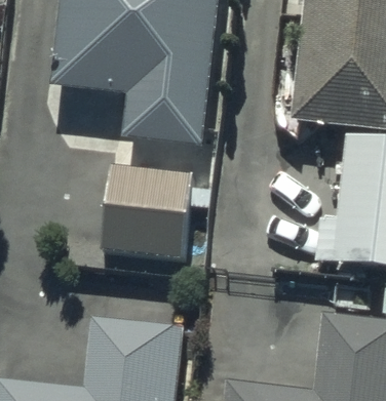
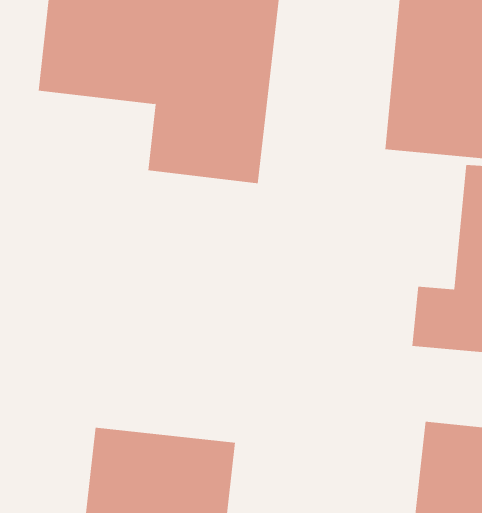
building: [98,162,197,259] -> none

